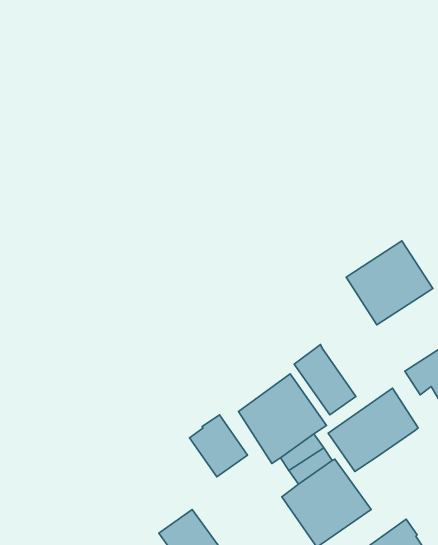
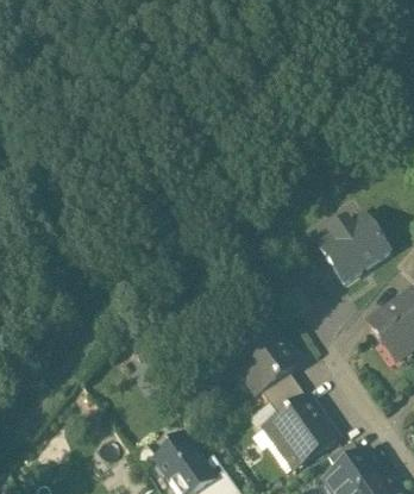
building: [294,345,356,415] -> none
building: [328,388,418,471] -> none
building: [189,415,247,477] -> none

